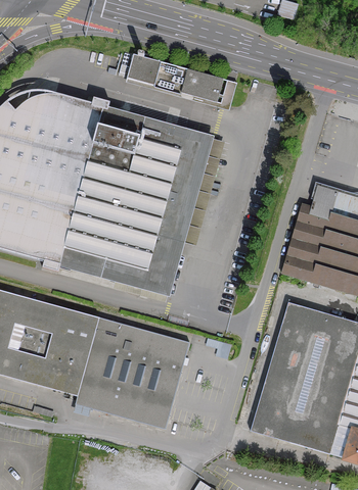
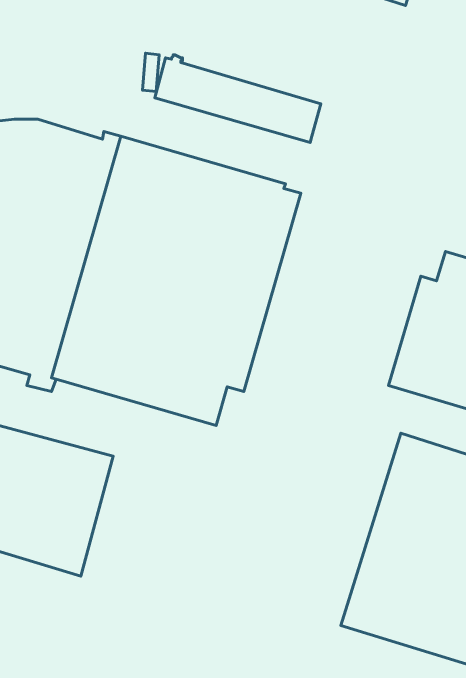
building: [75,316,188,429] -> none

